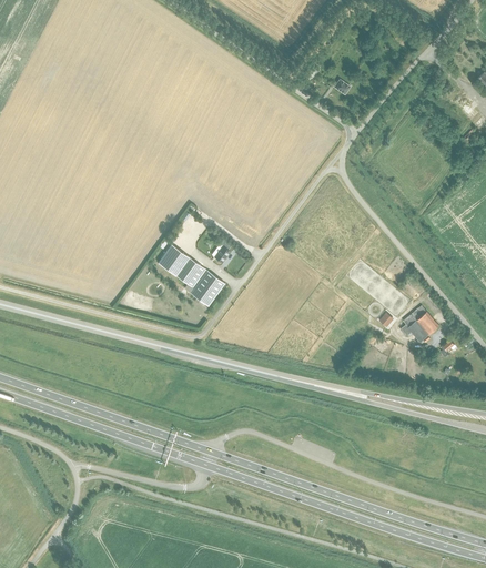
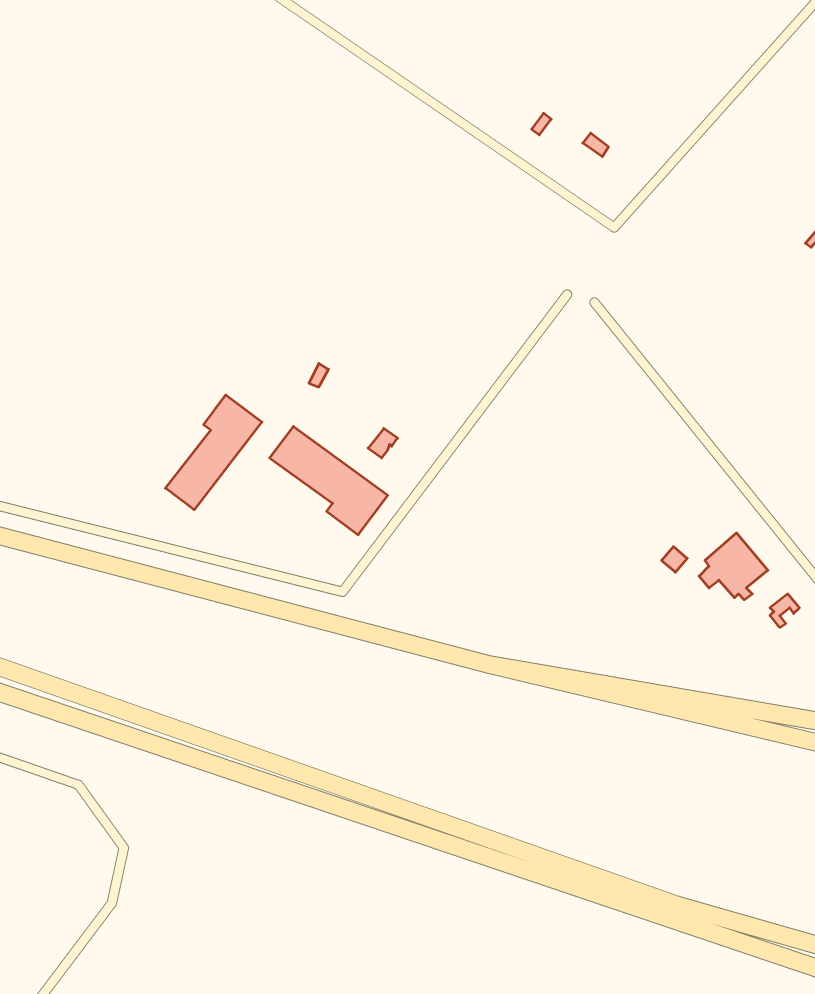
building: none -> [165,395,262,510]

